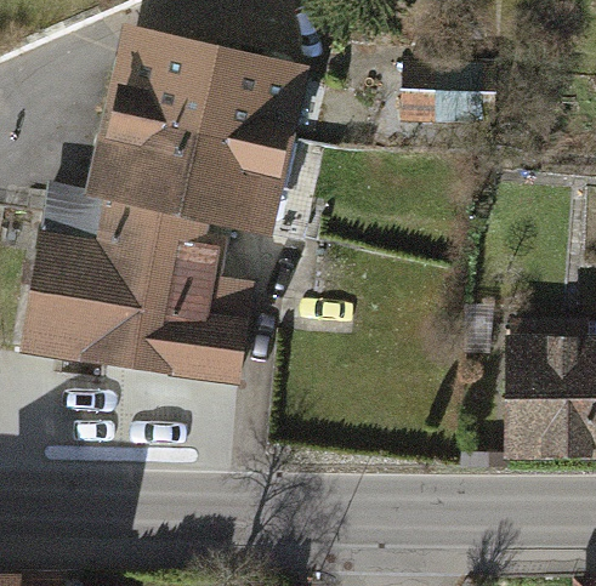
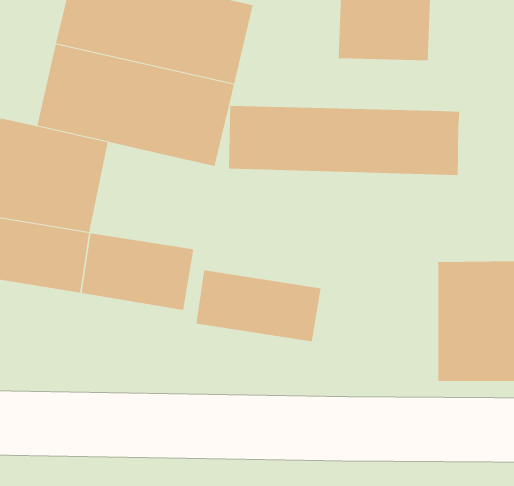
building: none -> [229,105,460,176]
building: [142,209,257,320] -> none
building: none -> [196,270,321,342]

